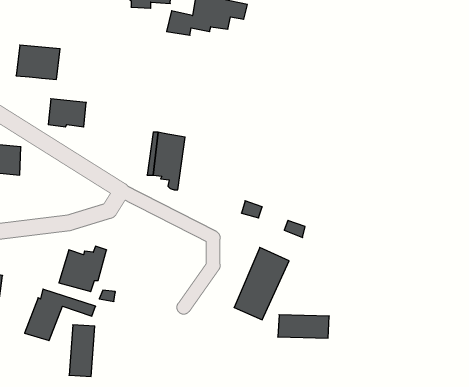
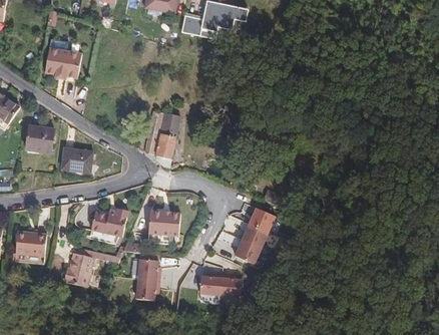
building: [48,99,86,127] -> [66,143,97,166]
building: none -> [145,210,178,245]
building: [278,315,329,338] -> [196,278,239,297]
building: [69,325,95,376] -> [133,260,154,302]

